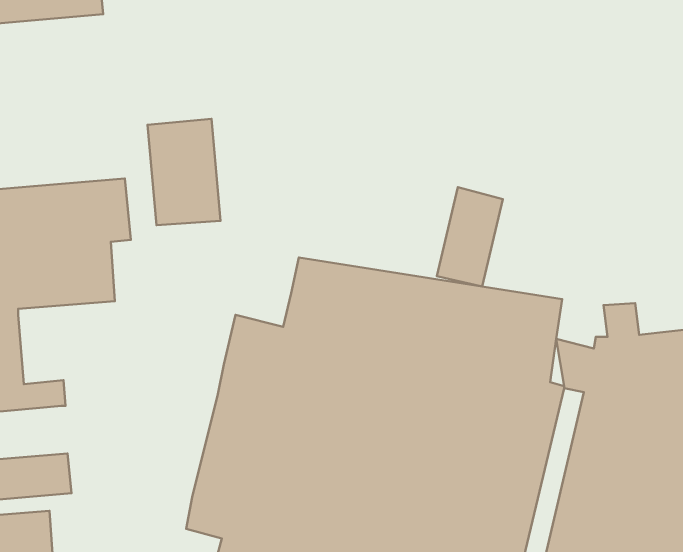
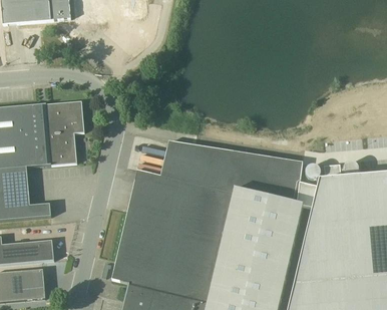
building: [148,119,221,225] -> none
building: [437,187,503,286] -> none

